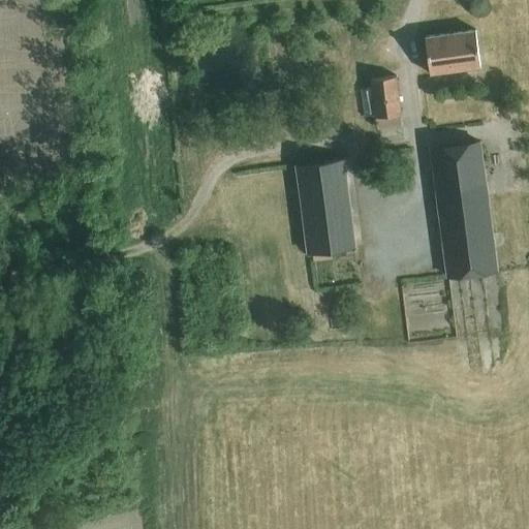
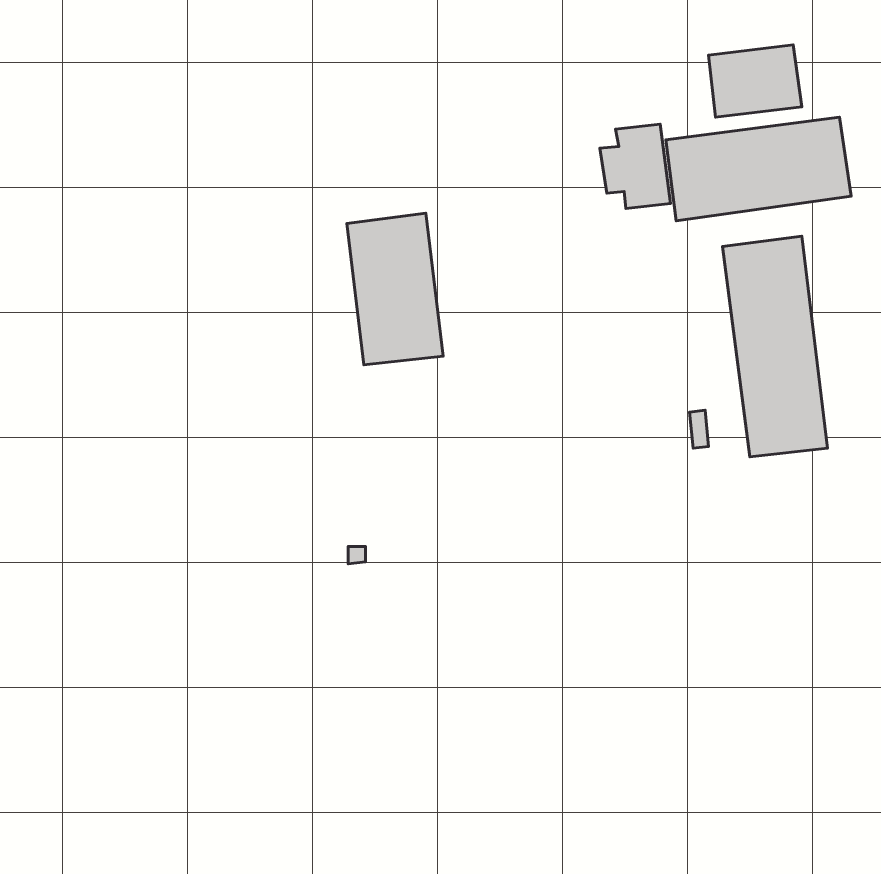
building: none -> [666,117,851,221]
building: [294,160,352,251] -> [347,213,443,365]

